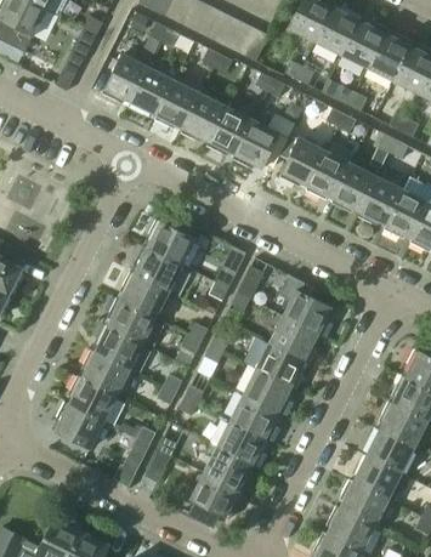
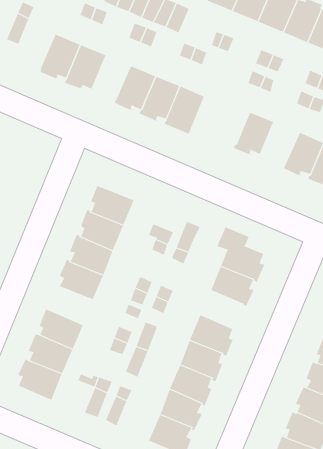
building: [154,80,200,130] -> none
building: [278,135,325,187] -> none
building: [330,165,378,214] -> none
building: [93,324,142,370] -> none
building: [256,342,305,390] -> none

